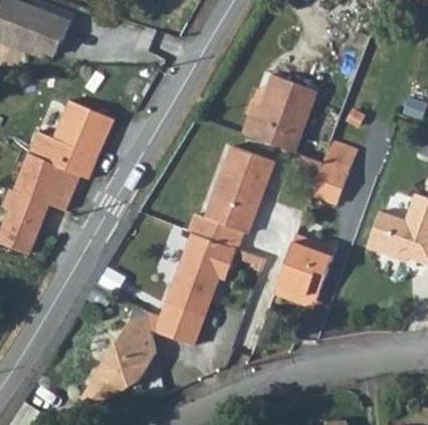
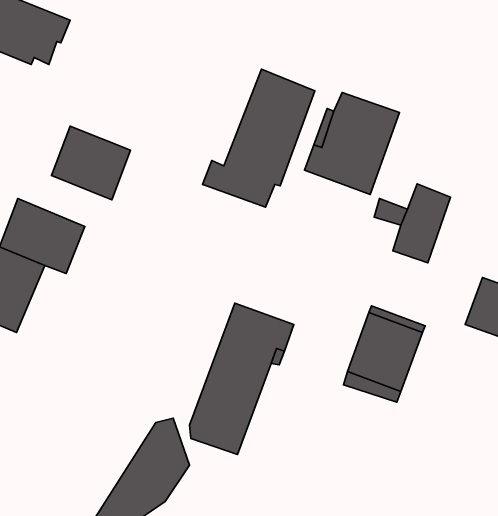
building: [29,131,99,179] -> none
building: [189,145,273,248] -> [202,69,315,207]

